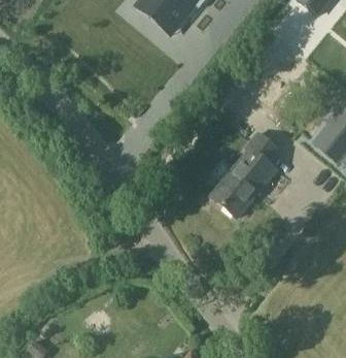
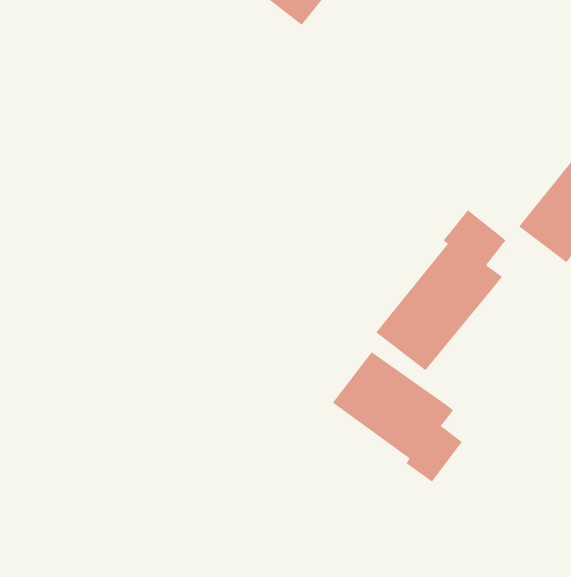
building: none -> [332,351,463,483]

